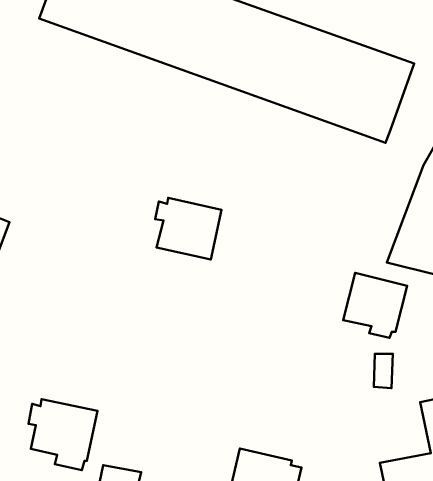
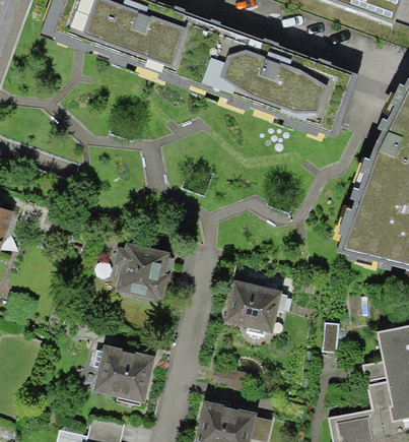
building: [155,198,222,259] -> [116,244,173,297]
building: [343,273,407,338] -> [224,278,279,334]
building: [29,399,97,470] -> [93,344,152,405]

